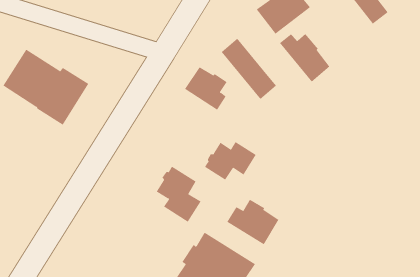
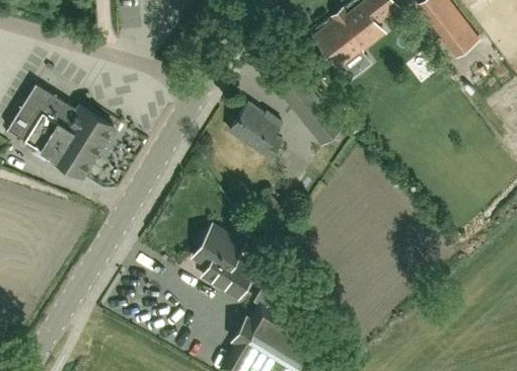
building: [279,33,330,82] -> none
building: [204,141,257,181] -> none
building: [227,199,279,245] -> none

